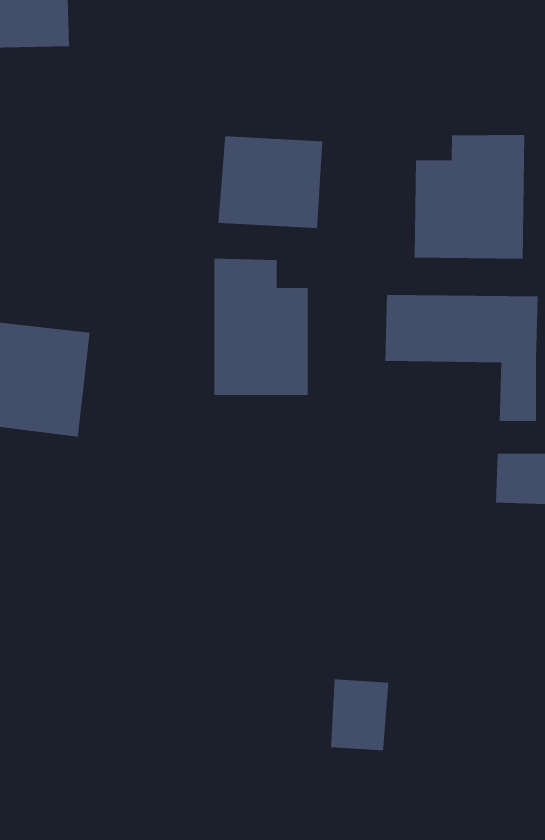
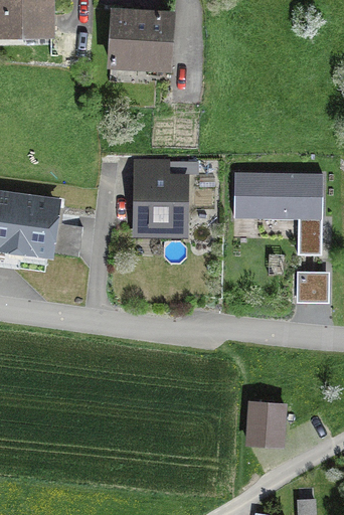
building: [414,134,525,260] -> none
building: [218,136,323,229] -> [109,12,170,66]
building: [330,679,389,751] -> [247,402,282,445]

